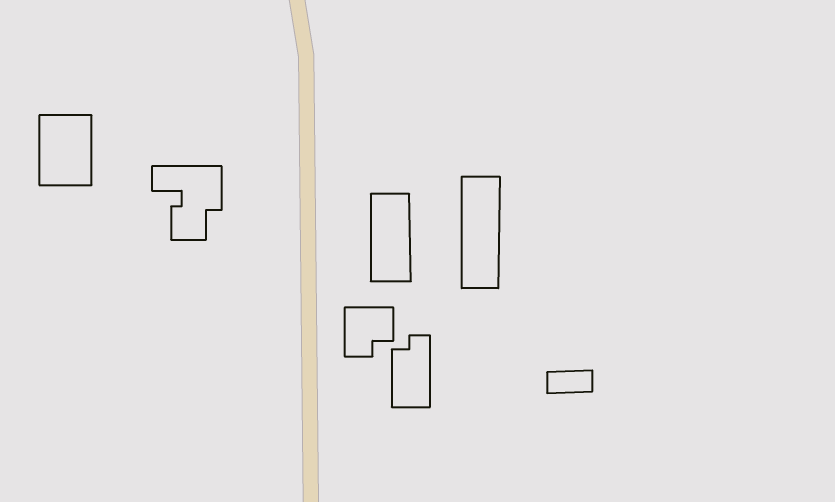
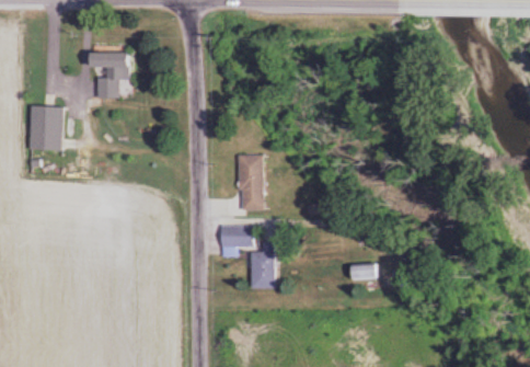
building: [152,166,222,240] -> [85,51,129,98]
building: [462,177,500,288] -> none

